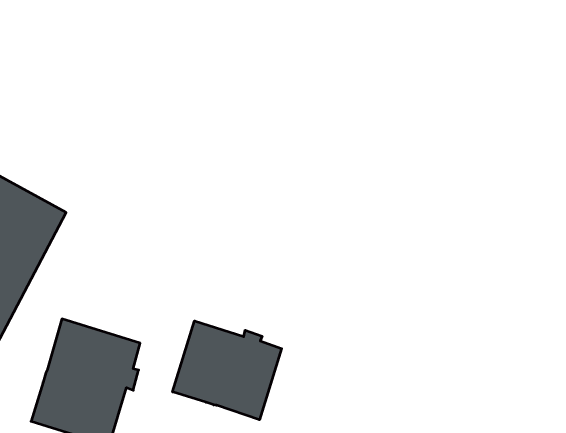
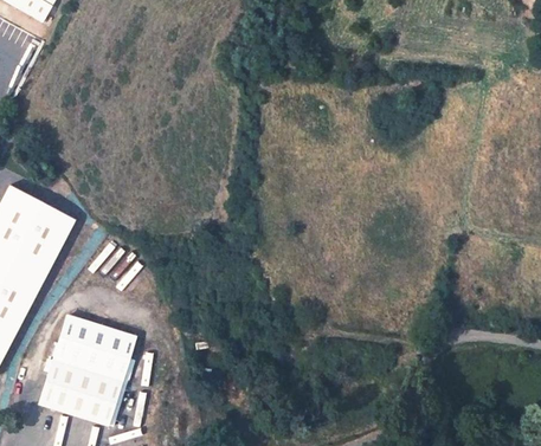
building: [173,321,282,420] -> none

